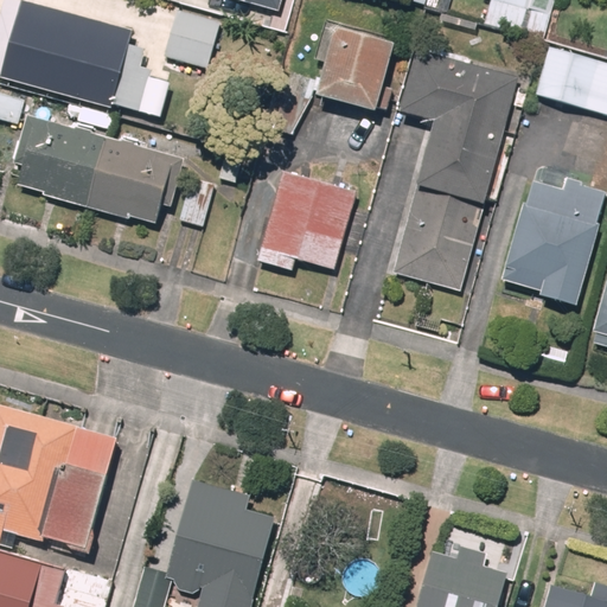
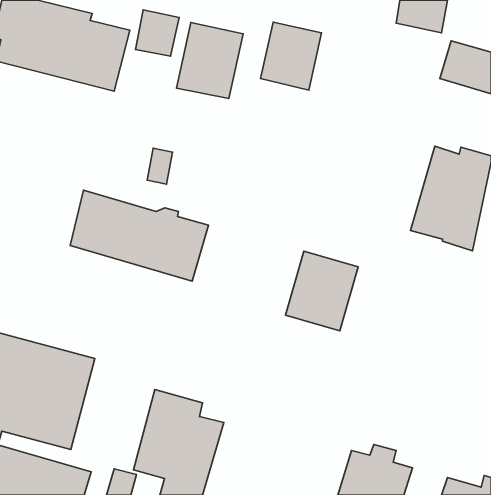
building: none -> [176,22,243,99]
building: [400,51,516,200] -> none
building: [8,114,178,225] -> [70,190,209,281]
building: [262,173,352,269] -> none
building: [392,194,481,292] -> [286,251,358,331]

